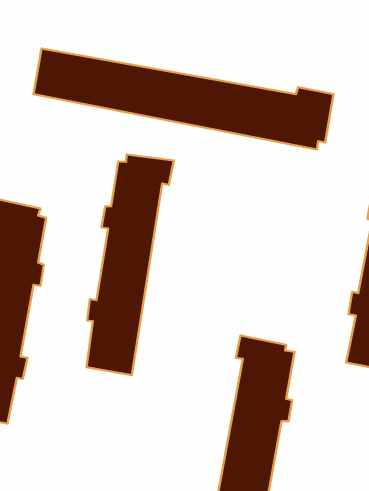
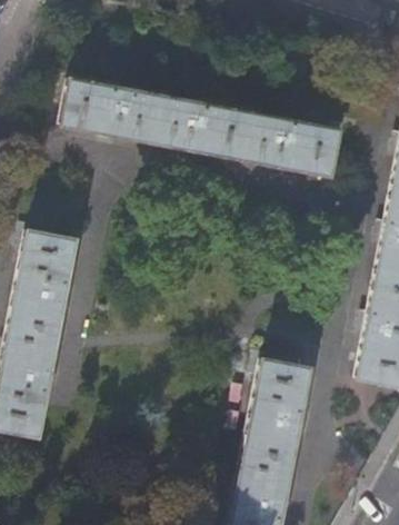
building: [86,155,174,375] -> none

